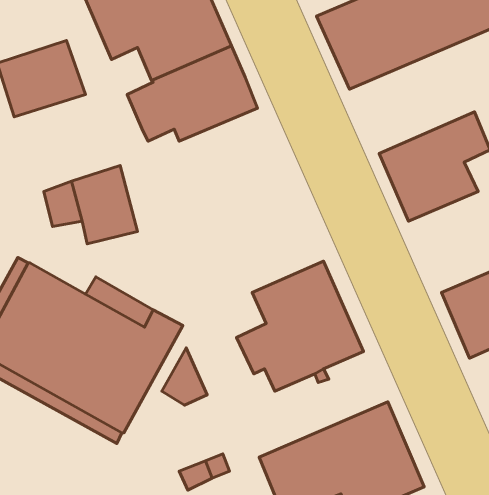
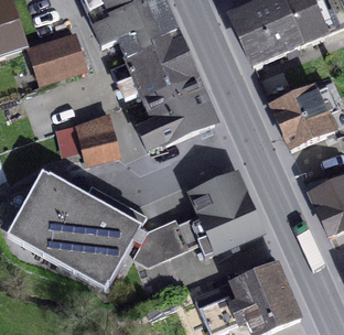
building: none -> [139,77,214,150]
building: none -> [149,217,192,259]

